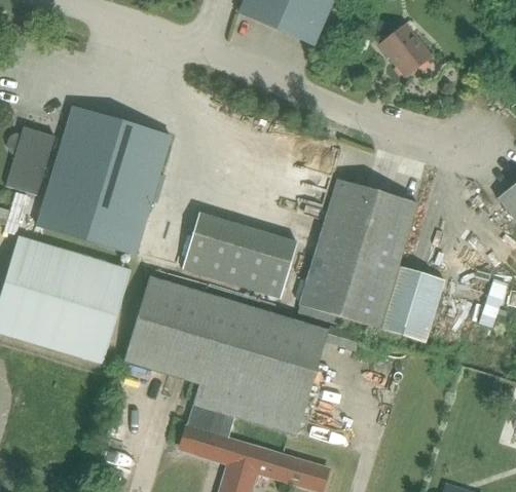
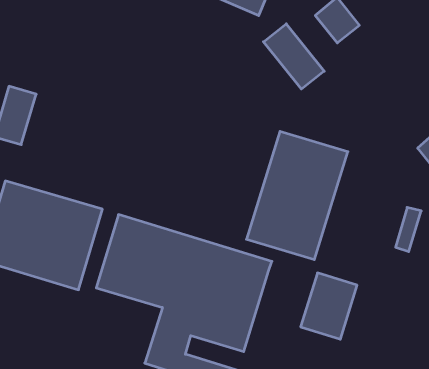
building: none -> [263,24,324,89]
building: [36,107,172,254] -> none
building: [182,213,298,298] -> none
building: [378,265,444,342] -> [301,273,357,339]

